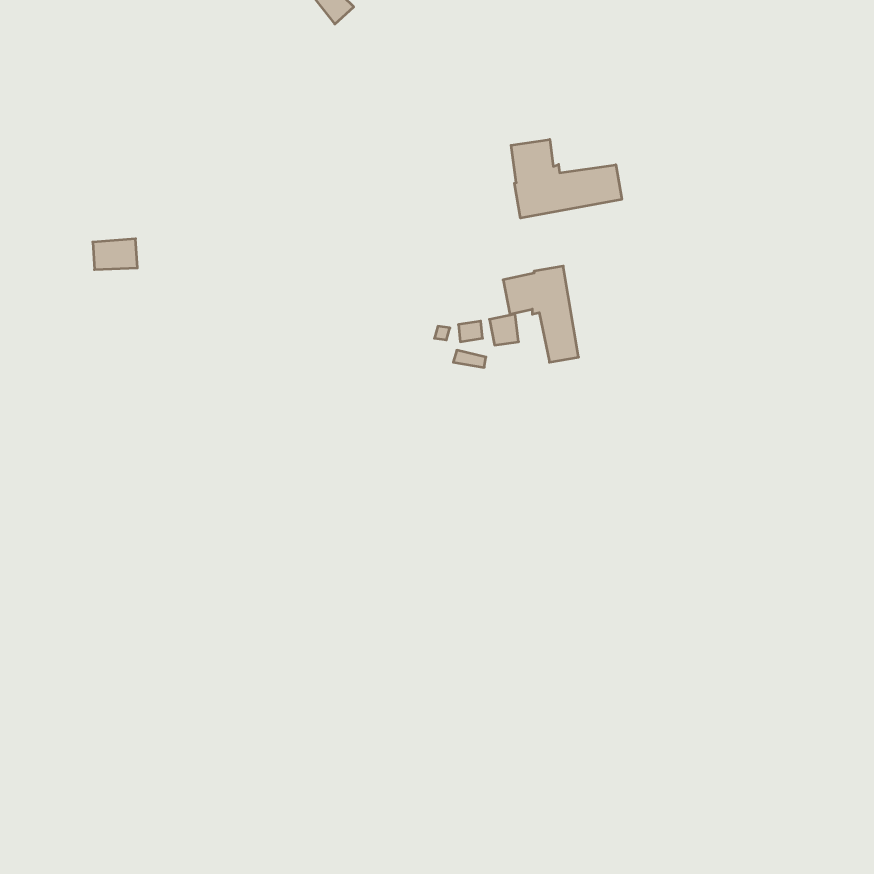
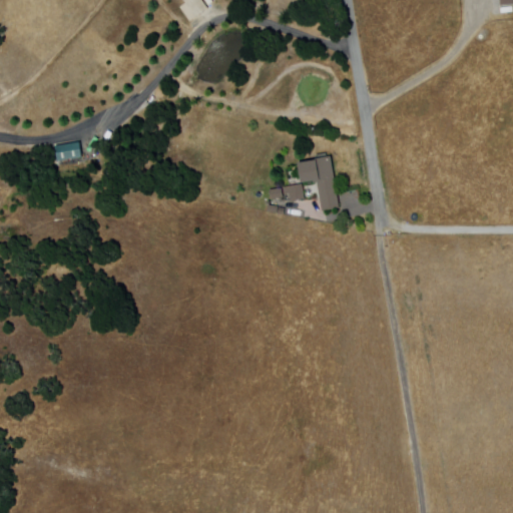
building: [511,139,622,218] -> none

